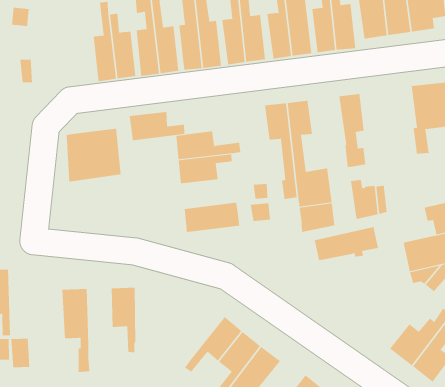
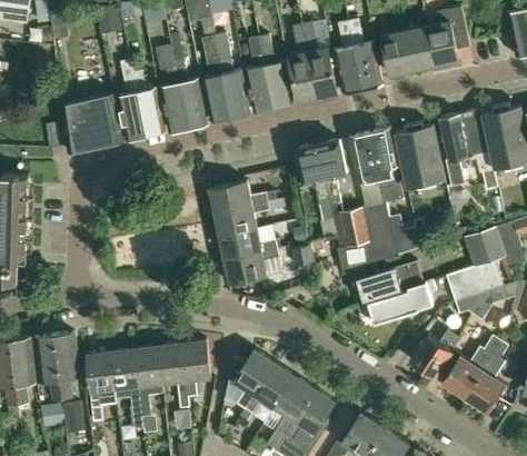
building: none -> [396,122,446,188]
building: none -> [350,135,380,187]
building: [129,111,185,141] -> [219,228,277,260]
building: [66,128,122,182] -> [64,96,123,153]
building: none -> [365,204,397,264]
building: none -> [368,279,435,325]
building: none -> [56,333,81,402]
building: none -> [183,340,211,398]
building: none -> [136,346,165,417]
building: none -> [87,351,117,422]
building: none -> [410,329,458,376]
building: none -> [232,350,275,409]

